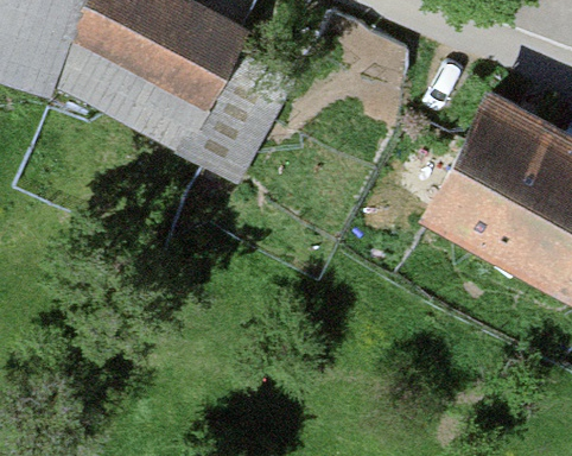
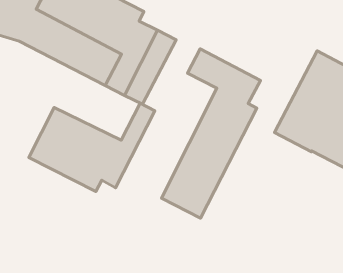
building: none -> [161,49,261,218]
building: none -> [29,103,155,191]

